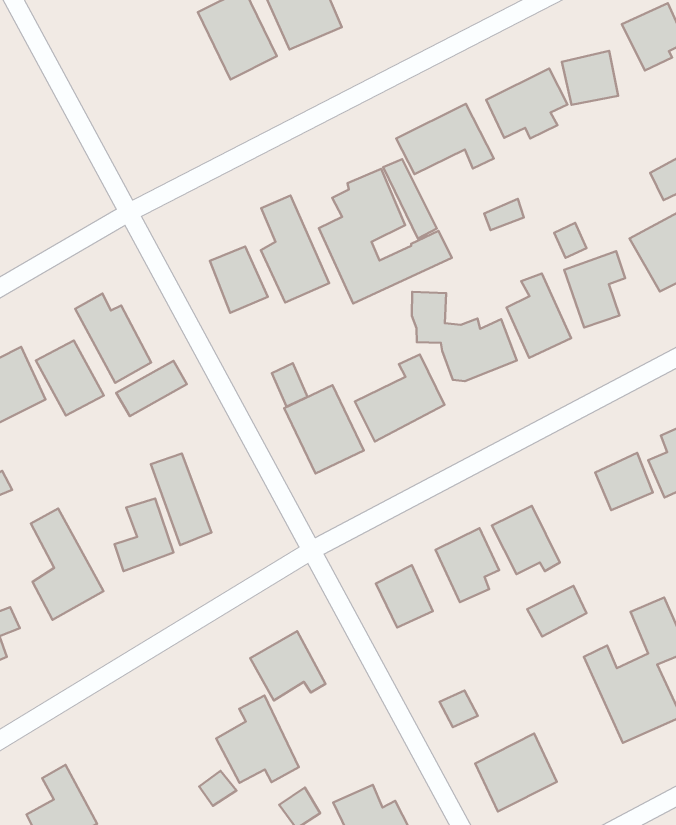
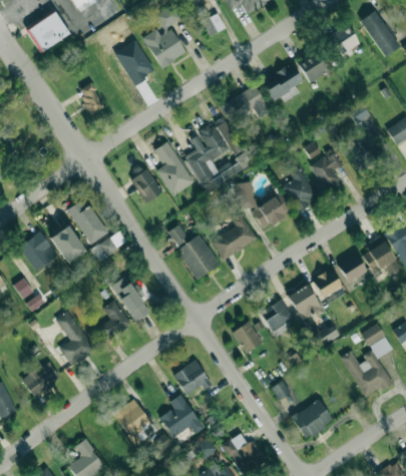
building: none -> [78,83,105,114]
building: none -> [313,269,343,299]
building: none -> [115,400,152,439]

